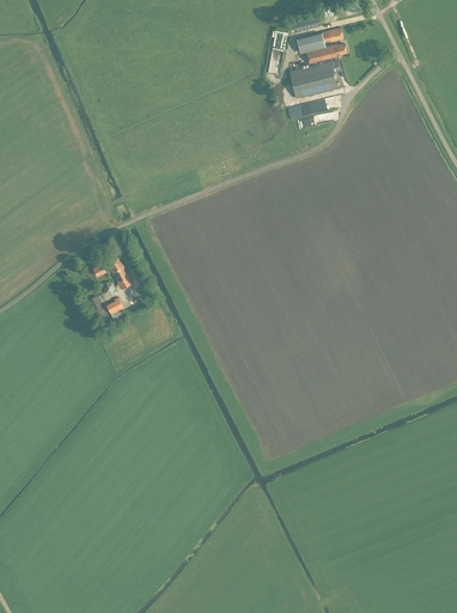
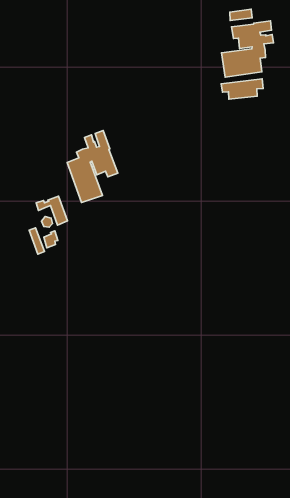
building: none -> [67,130,118,203]

